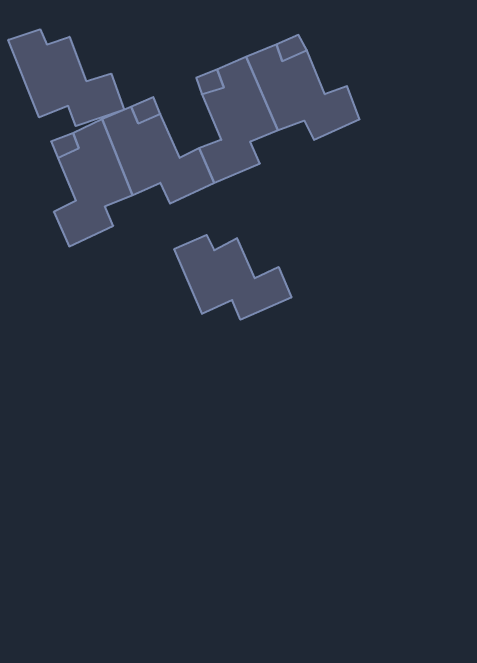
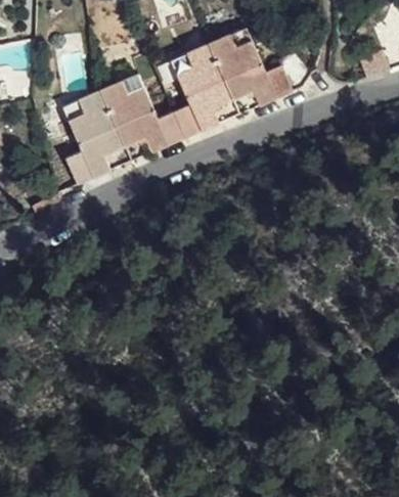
building: [8,29,124,126] -> none
building: [174,235,291,320] -> none

